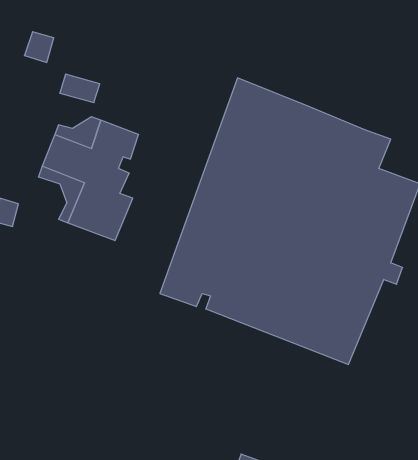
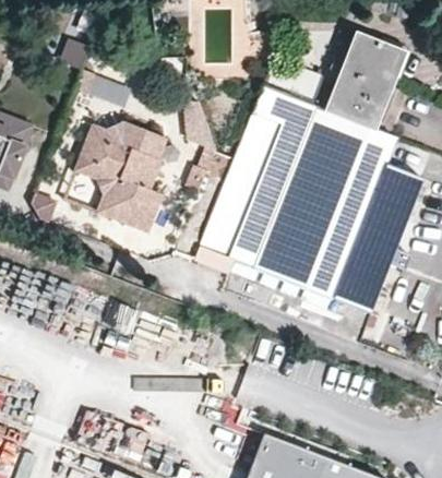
building: none -> [326,32,406,130]

